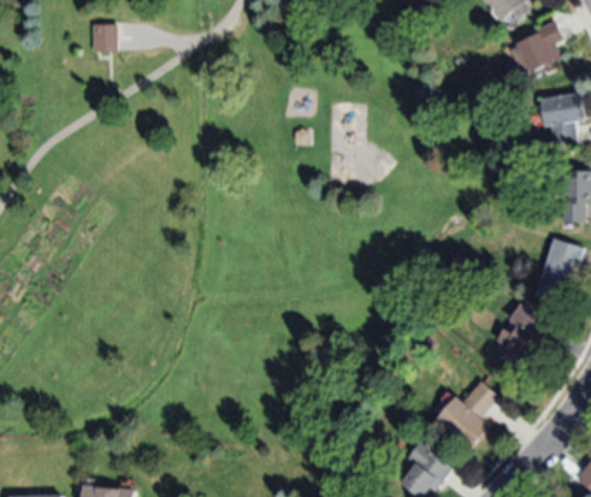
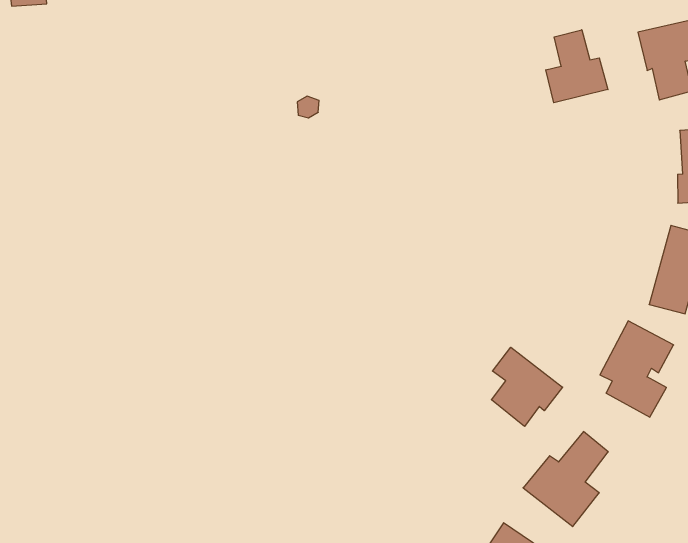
building: none -> [546,30,608,103]
building: none -> [491,347,563,426]

